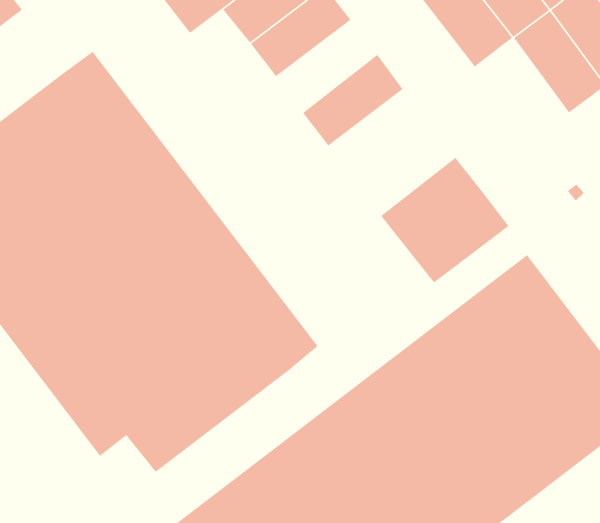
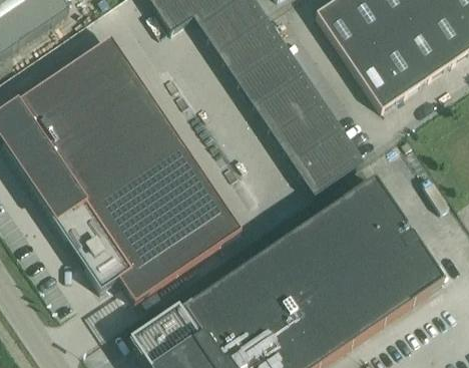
building: none -> [224,25,289,81]
building: none -> [349,42,406,107]
building: none -> [255,70,334,148]

